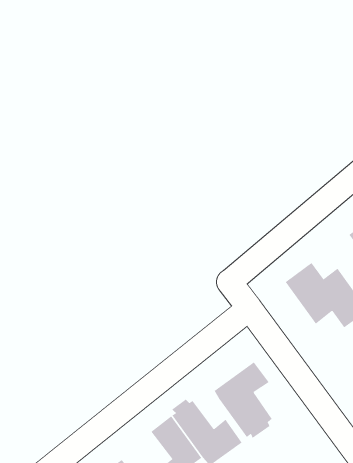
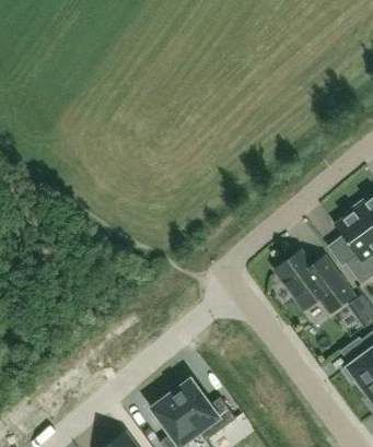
building: [214,361,273,439] -> none

